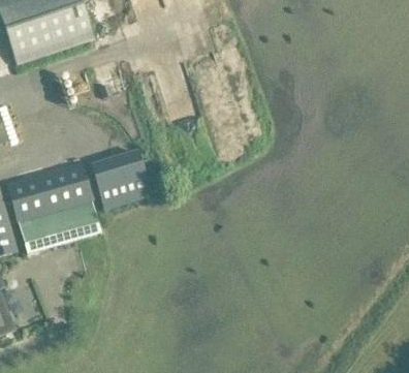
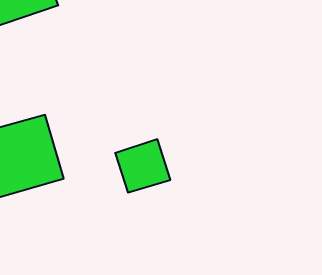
building: [89,150,151,210] -> [115,139,170,193]

